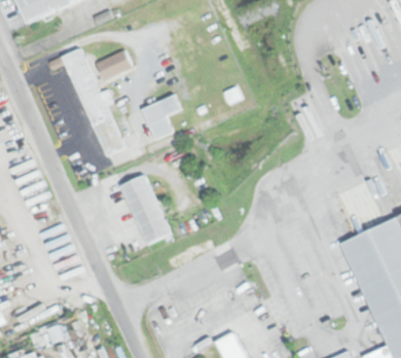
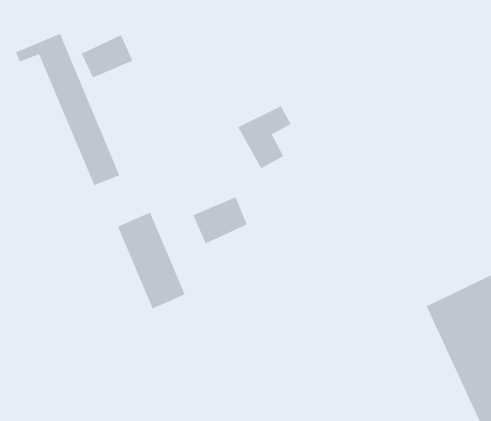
building: [142,96,180,141] -> [238,105,292,169]
building: none -> [193,197,248,244]

